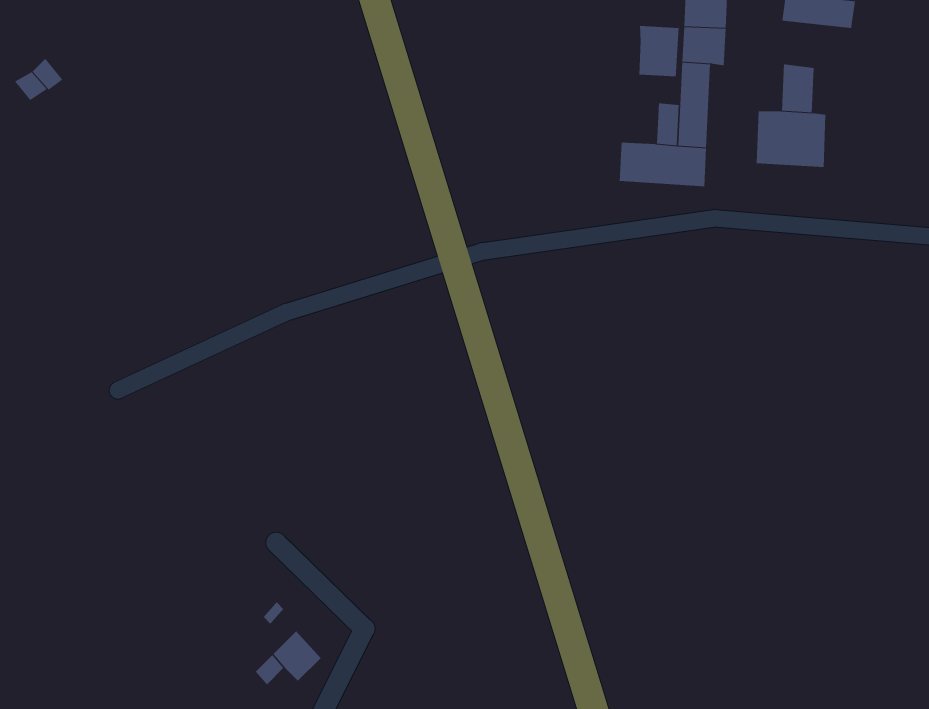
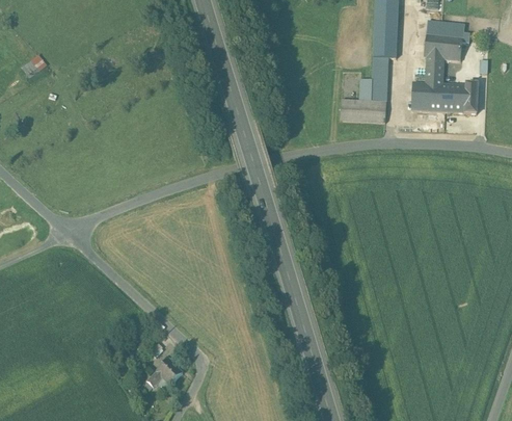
building: none -> [424,33,463,60]
building: [639,25,679,77] -> none
building: none -> [449,81,478,112]

